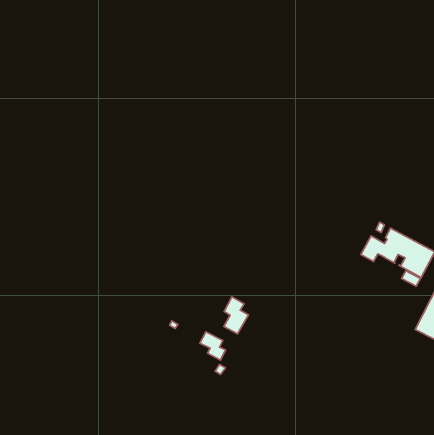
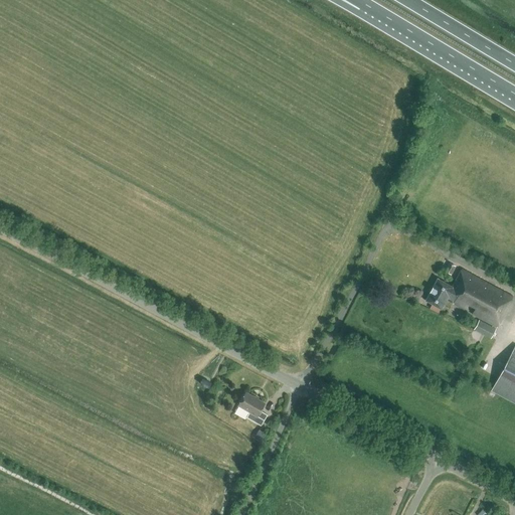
building: [224,297,248,334] -> none

